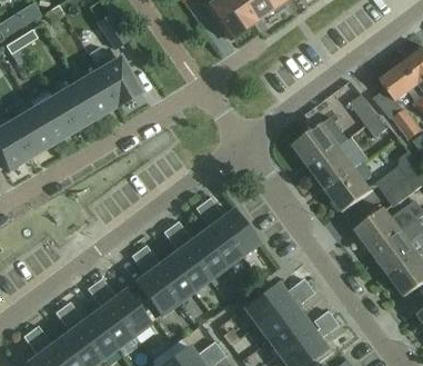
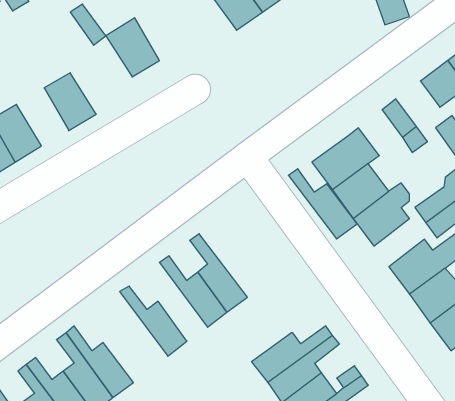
building: [98,58,141,106] -> [106,18,159,77]
building: [54,85,97,131] -> none
building: [202,197,258,254] -> [288,169,357,239]
building: [163,226,209,289] -> none
building: [131,249,177,314] -> none

